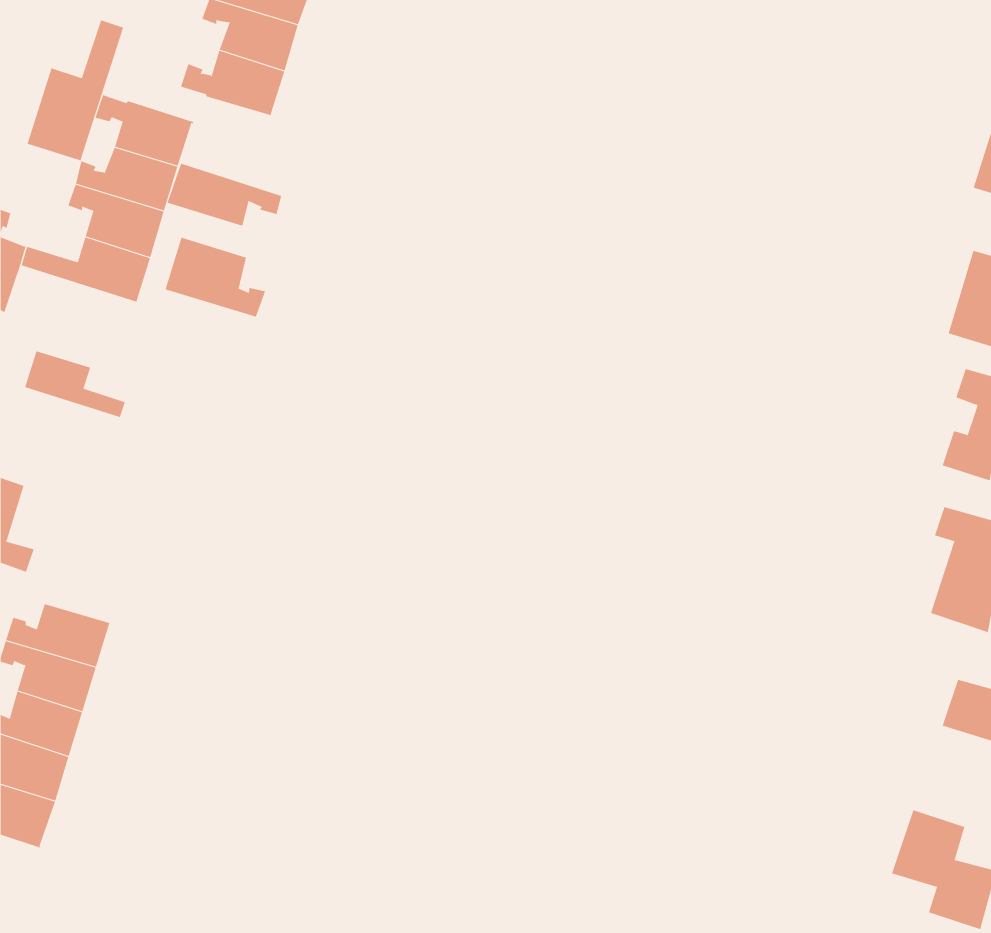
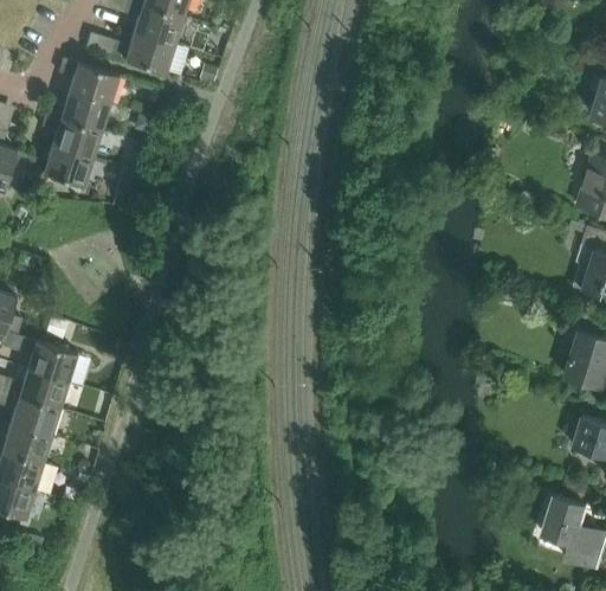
building: [27,19,124,162] -> none
building: [167,163,282,226] -> none
building: [165,237,266,318] -> none
building: [24,350,125,418] -> none
building: none -> [17,339,77,384]

